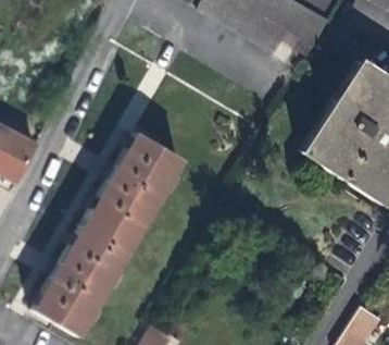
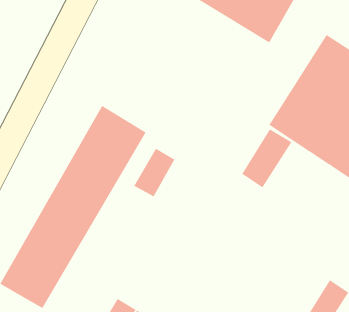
building: none -> [241,129,292,188]
building: none -> [133,148,175,197]

